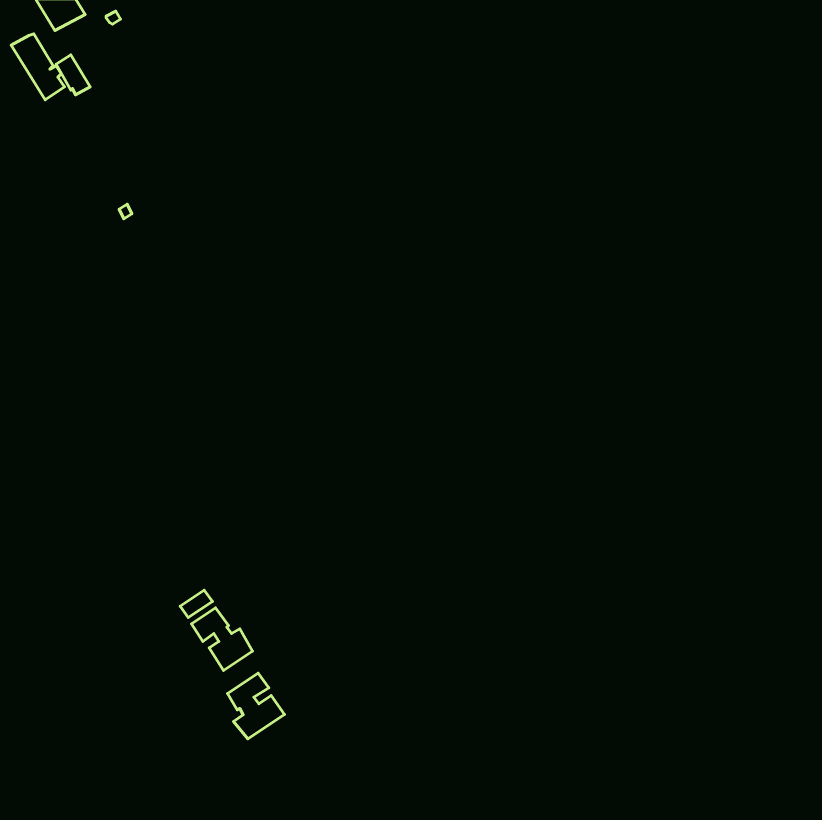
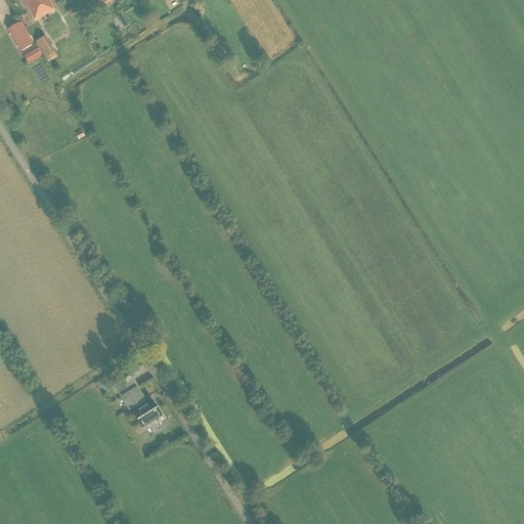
building: [228,673,284,739] -> none

